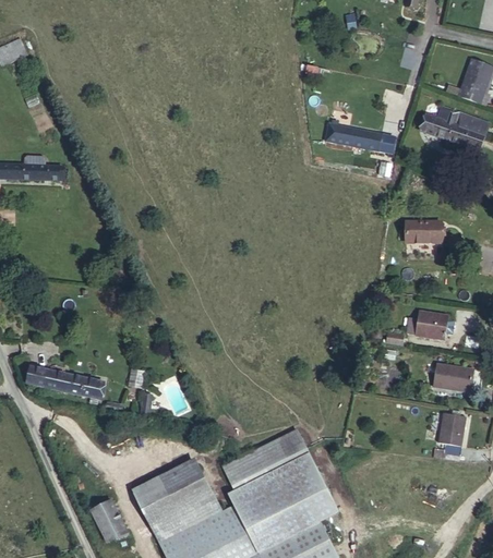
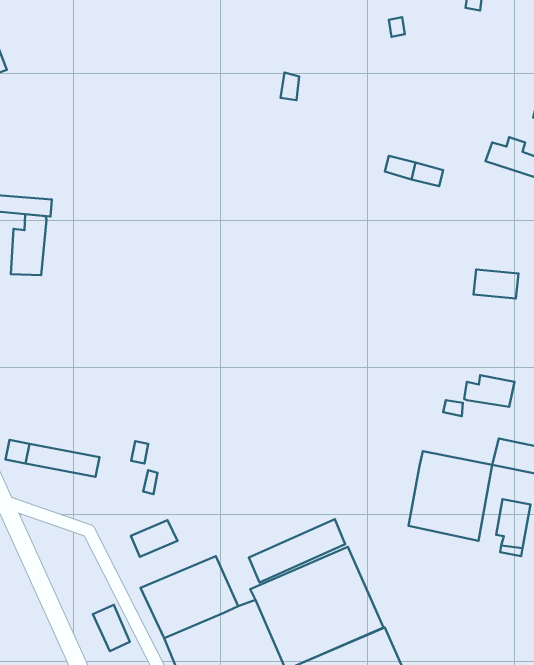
building: none -> [11,214,46,275]
building: none -> [409,451,492,541]
building: none -> [131,520,178,557]

